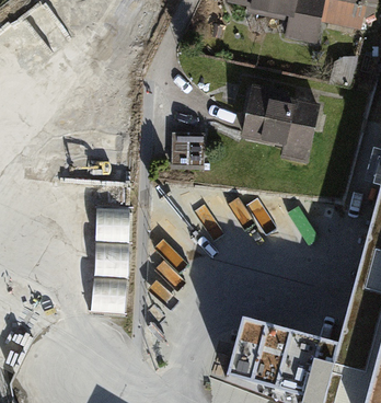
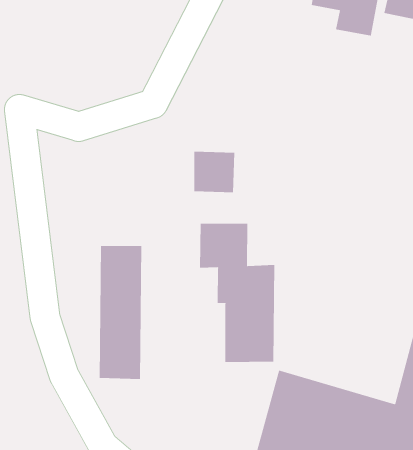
building: [245,94,320,150] -> none
building: none -> [199,223,275,363]

